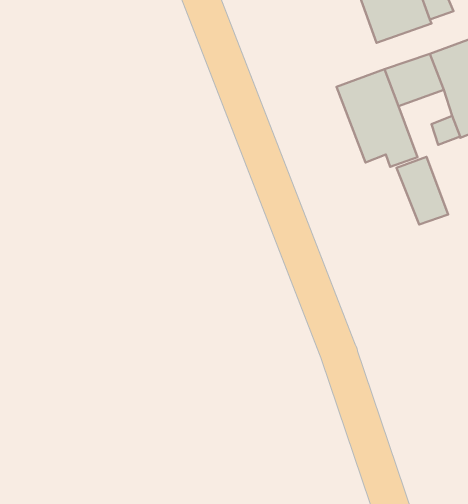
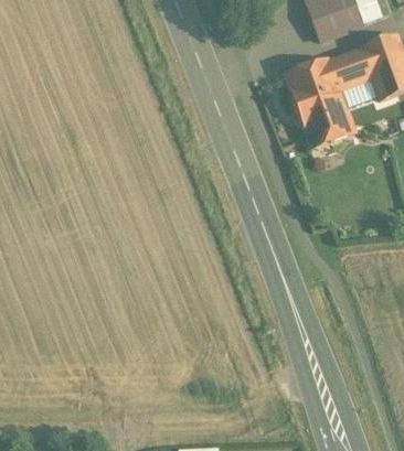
building: [397,157,448,225] -> none

